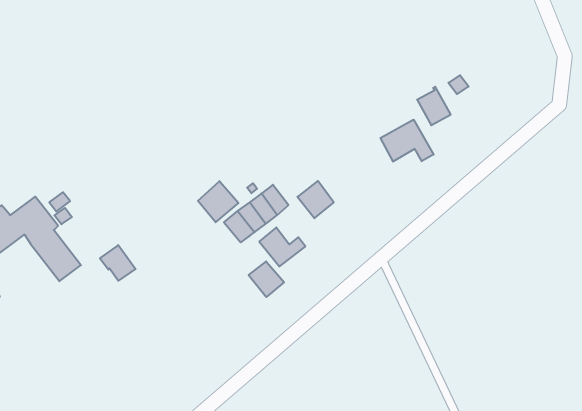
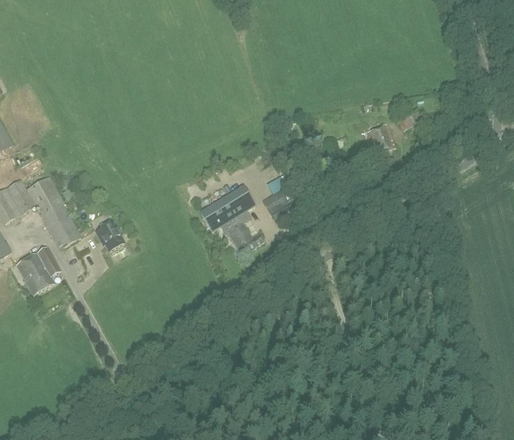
building: [381,120,434,162] -> none
building: [198,181,238,222] -> none
building: [249,261,284,297] -> none
building: none -> [15,244,60,293]

